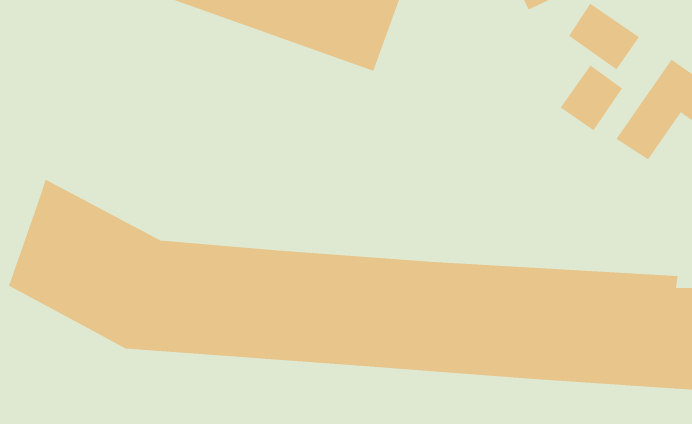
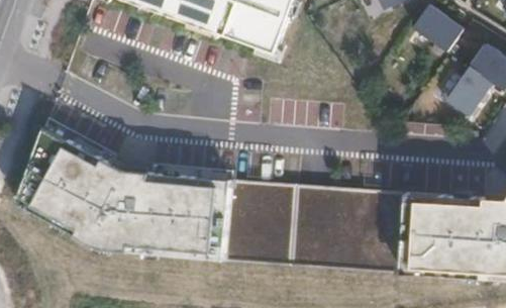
building: [560,64,623,131] -> none

